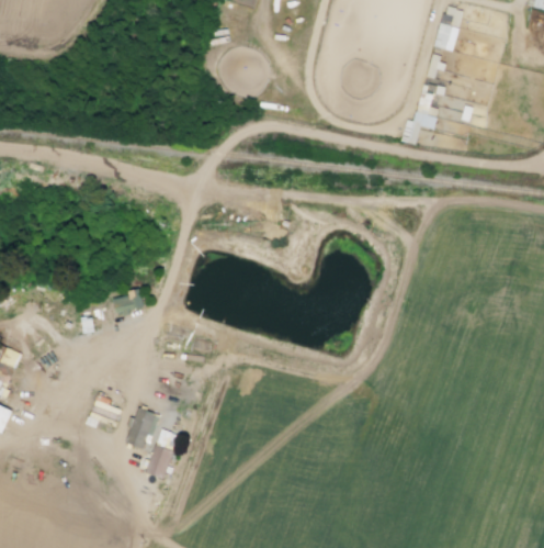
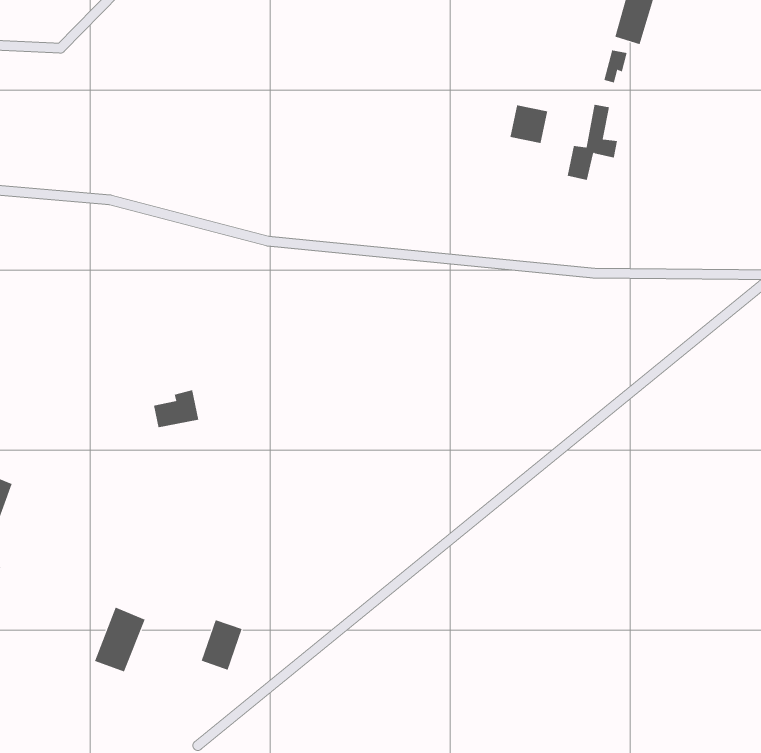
building: none -> [510,105,548,144]
building: [127,407,162,452] -> [94,607,145,672]

